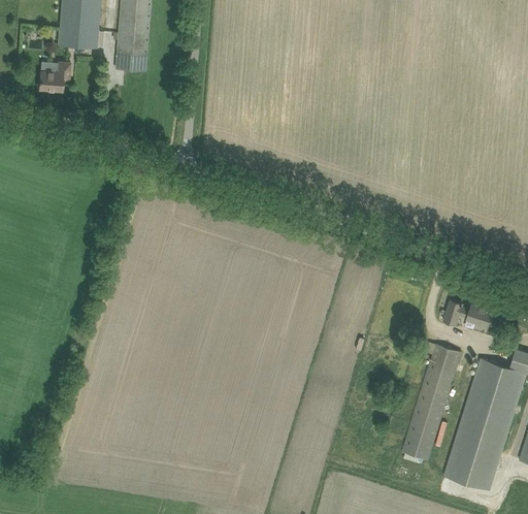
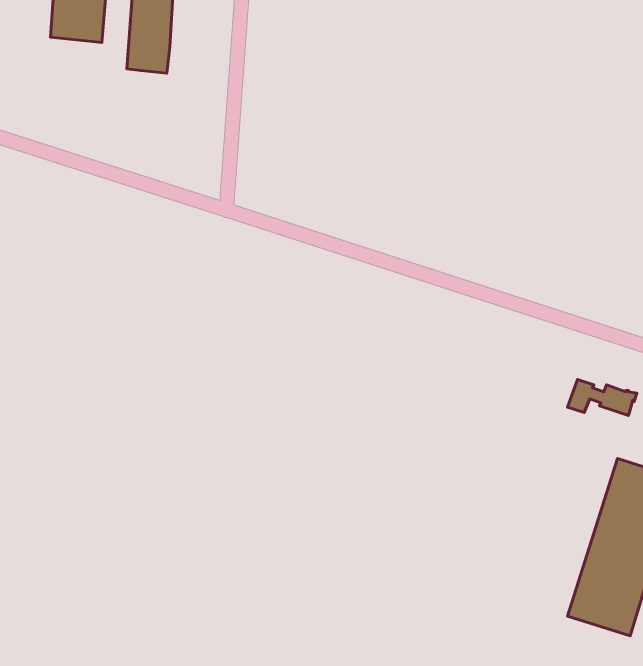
building: [36,62,70,91] -> none
building: [402,344,461,458] -> none

